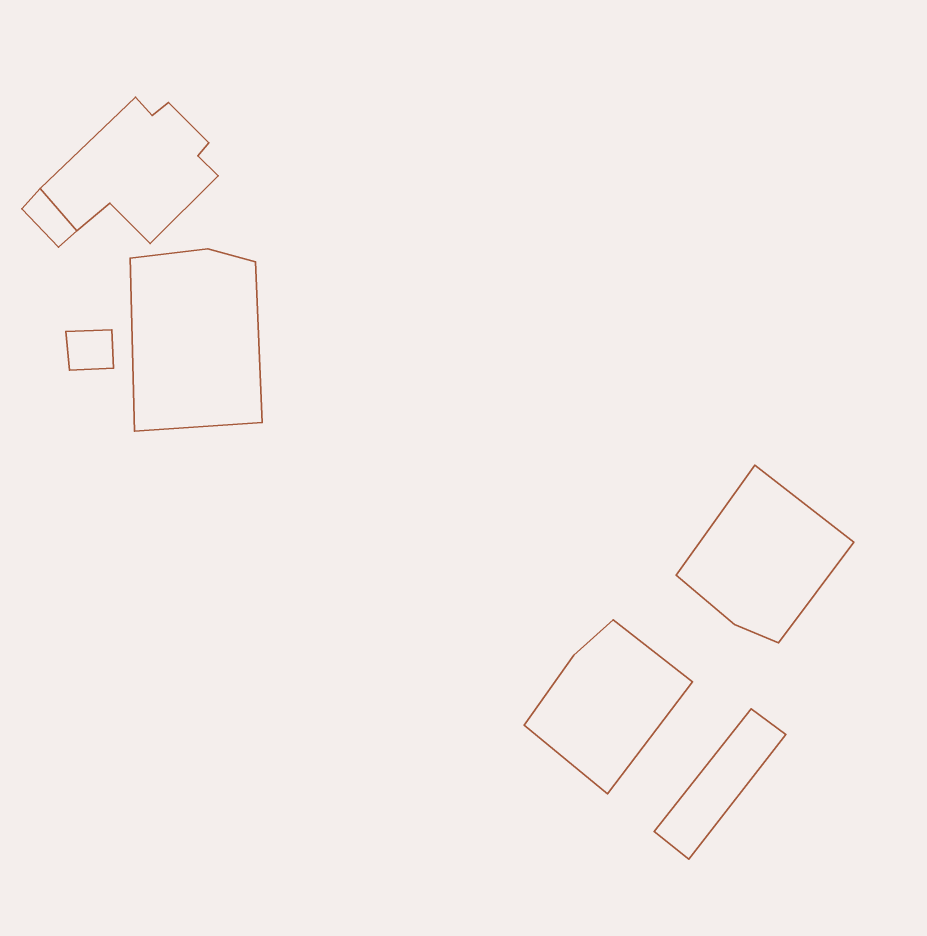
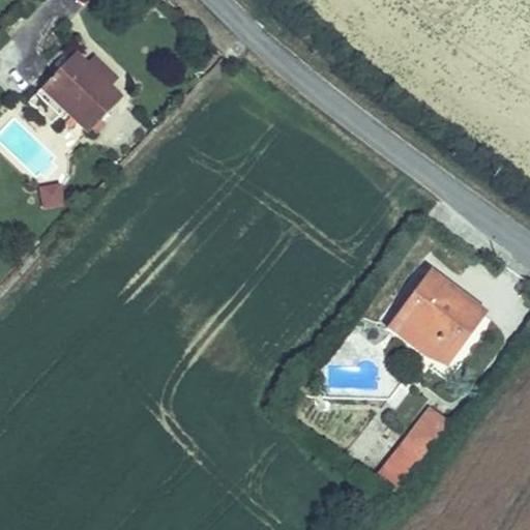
building: [130,249,262,431] -> none
building: [524,620,692,794] -> none

